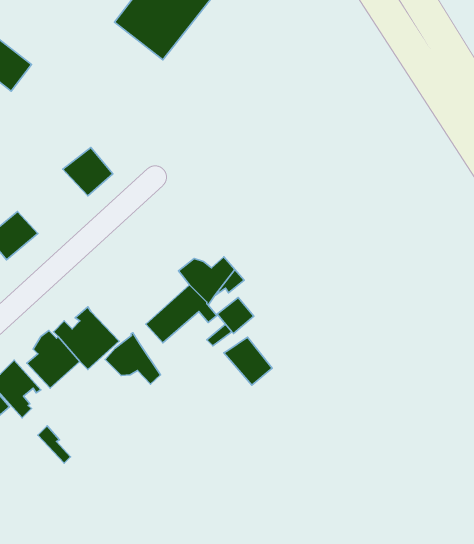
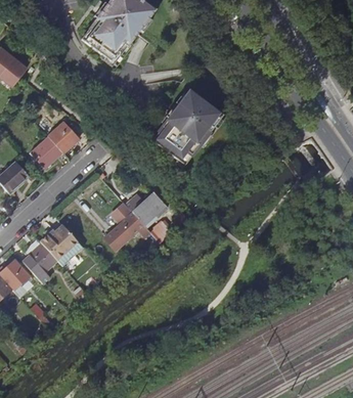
building: none -> [150,90,220,164]
building: none -> [31,136,63,168]
building: [105,333,161,384] -> none
building: [224,337,272,385] -> none

